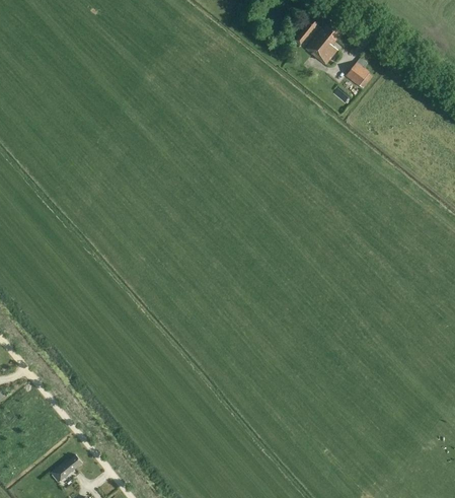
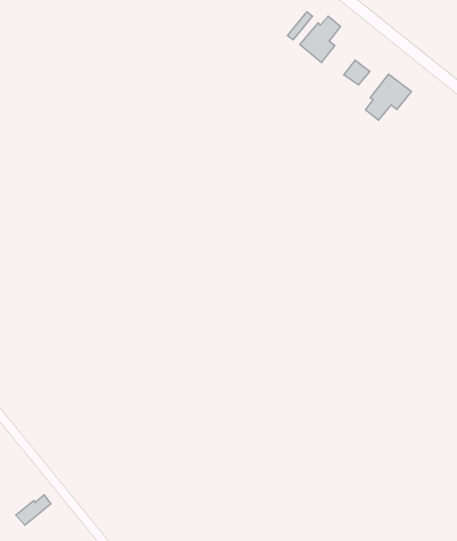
building: none -> [365,74,412,120]

